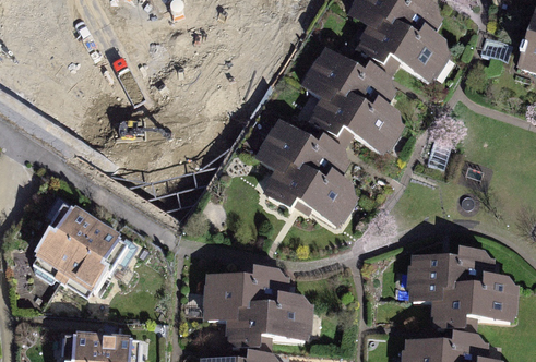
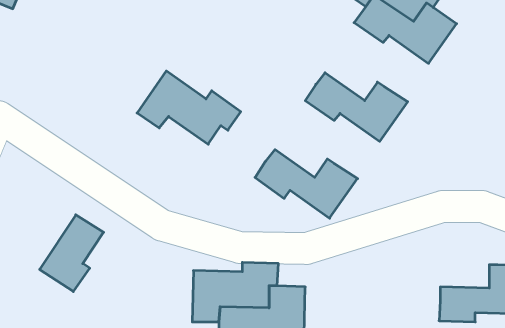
building: [300,49,397,118] -> none
building: [253,121,350,190] -> [137,71,241,144]
building: [31,208,96,276] -> none
building: [412,250,492,305] -> none

